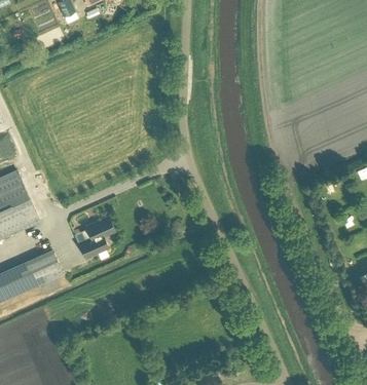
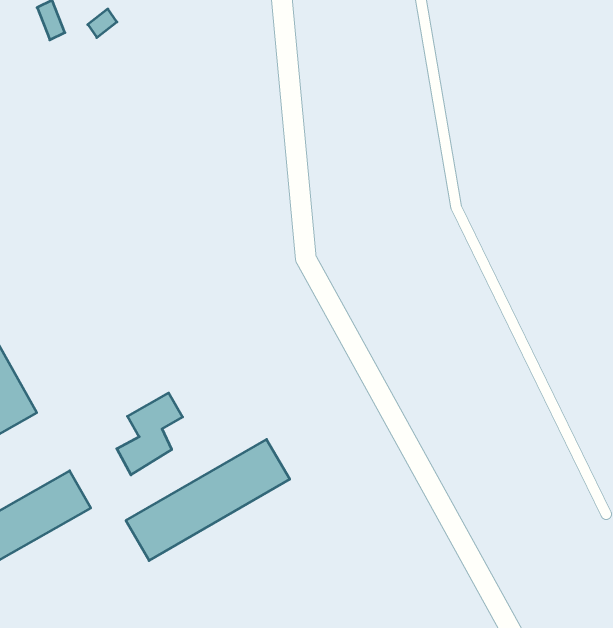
building: none -> [126,439,290,561]

